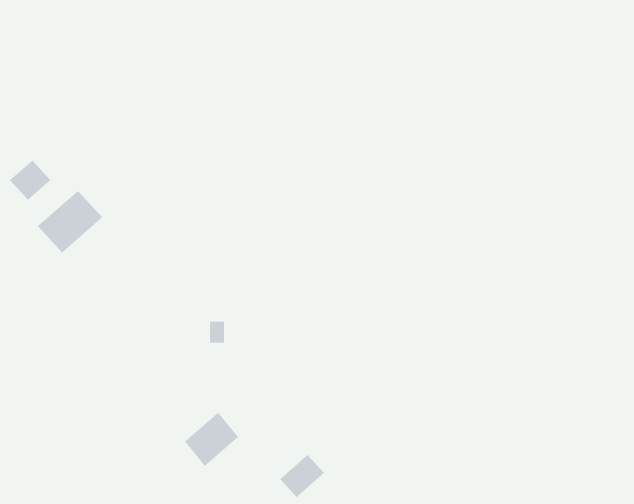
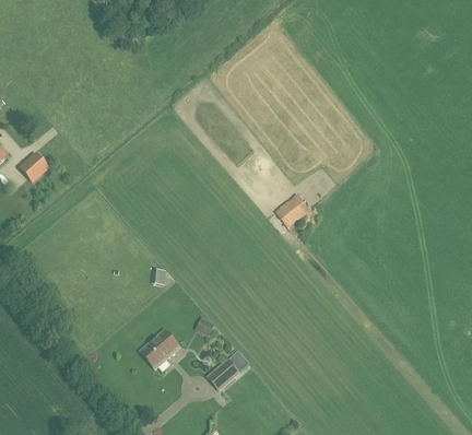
building: [37,190,103,253] -> none
building: none -> [275,192,310,226]

